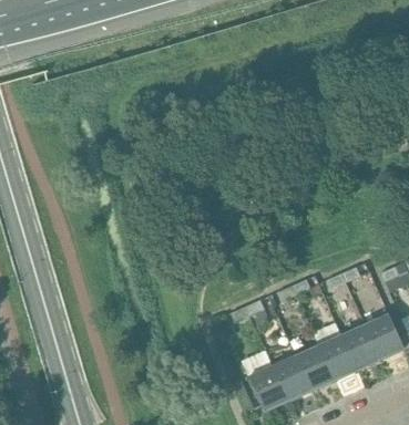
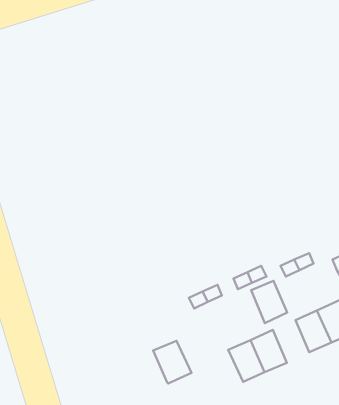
building: [319,335,357,380] -> [251,281,287,323]
building: [248,366,288,411] -> [153,341,192,384]

